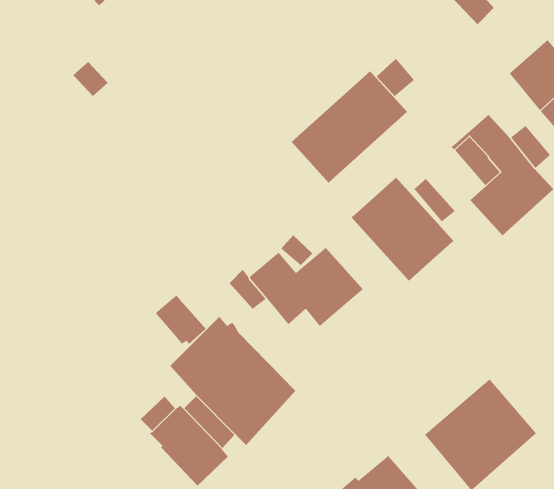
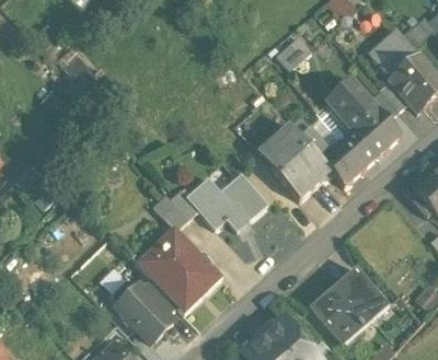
building: [291,70,408,183] -> none
building: none -> [322,141,365,184]
building: [155,295,207,345] -> [153,195,189,230]

